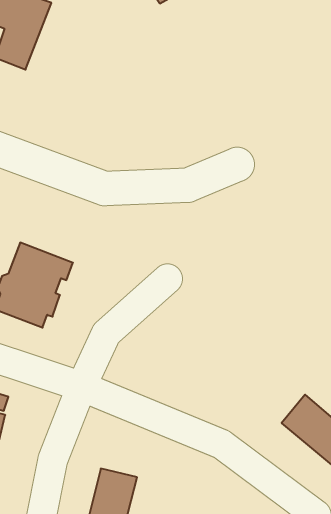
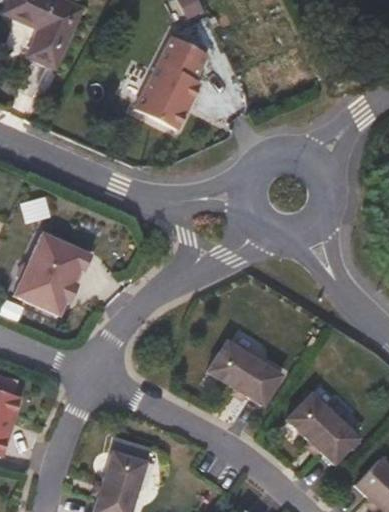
building: none -> [135,36,208,129]
building: none -> [204,341,278,404]

